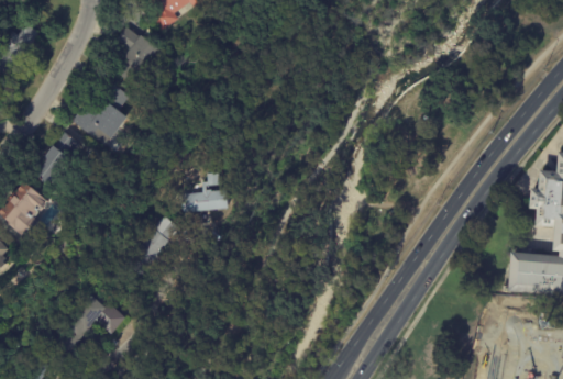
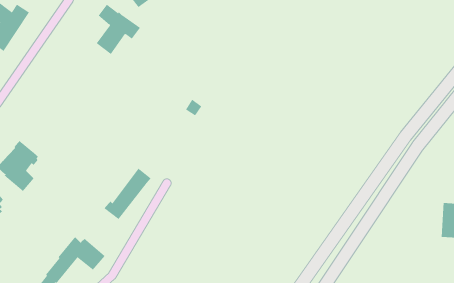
building: [73,82,130,147] -> none
building: [33,134,78,187] -> none
building: [180,170,229,211] -> none

